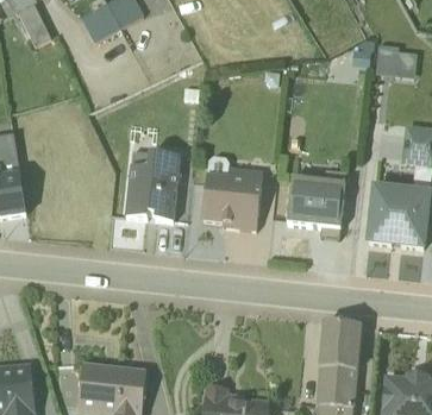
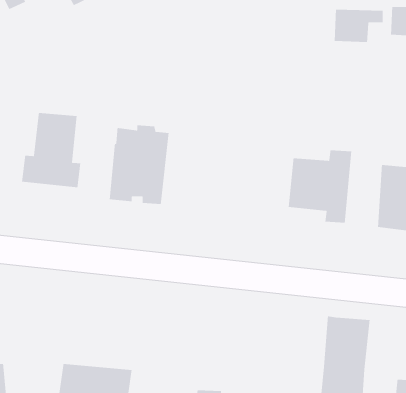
building: none -> [21,112,81,188]
building: [201,155,262,229] -> none

